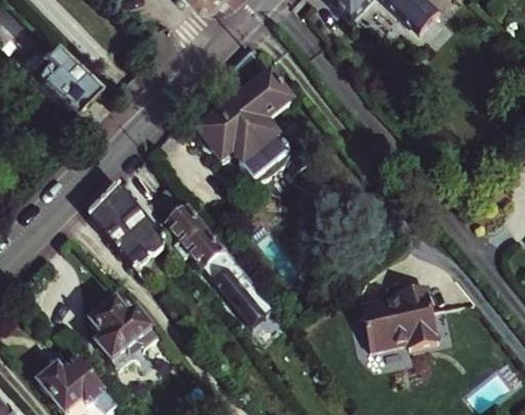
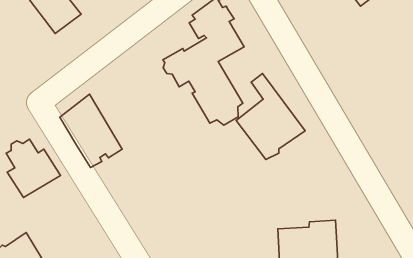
building: none -> [236,73,305,159]
building: [162,183,277,319] -> none
building: [89,298,156,367] -> [6,139,60,197]

